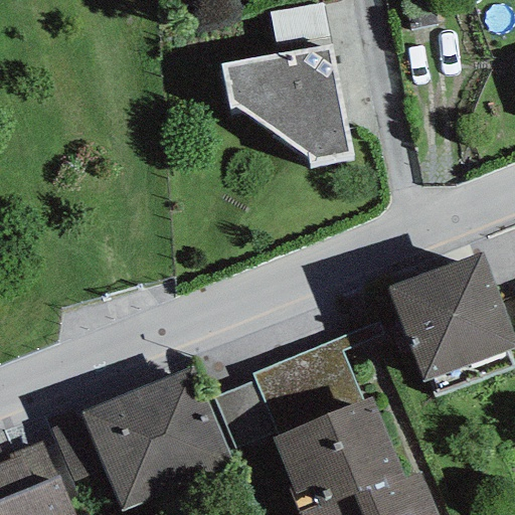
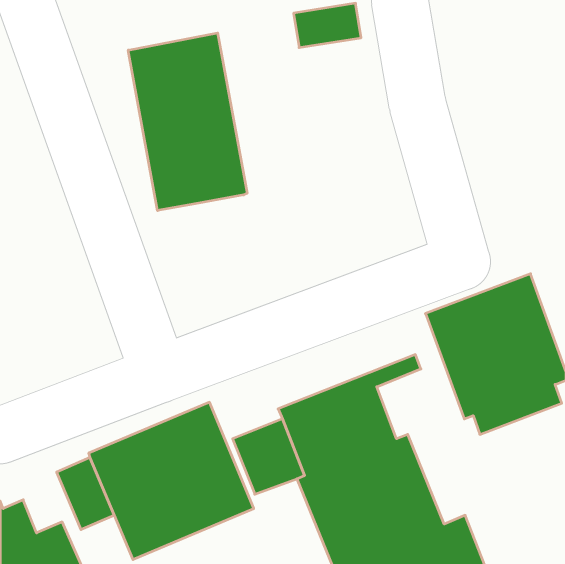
building: none -> [128,33,247,211]
building: [219,45,353,163] -> none

